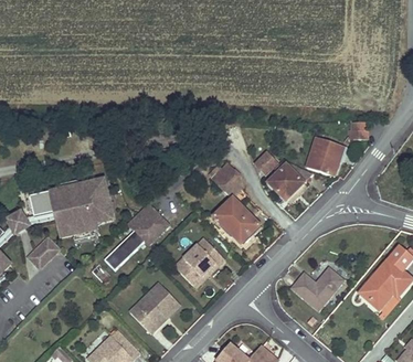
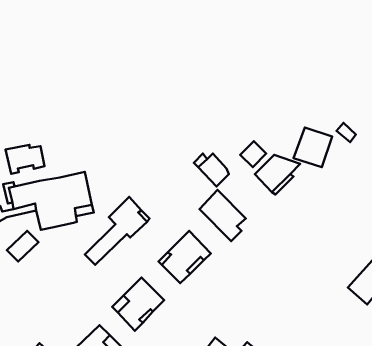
building: none -> [5,145,44,174]
building: [292,268,343,310] -> none

